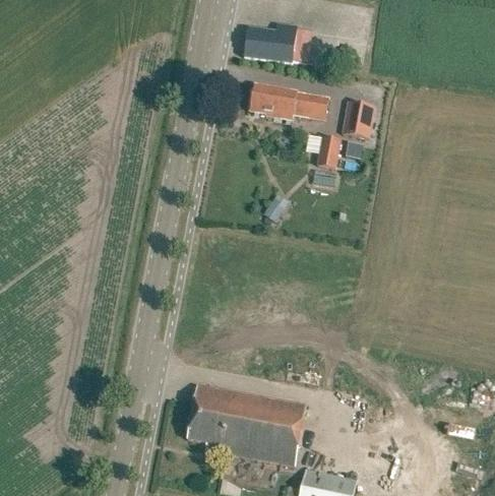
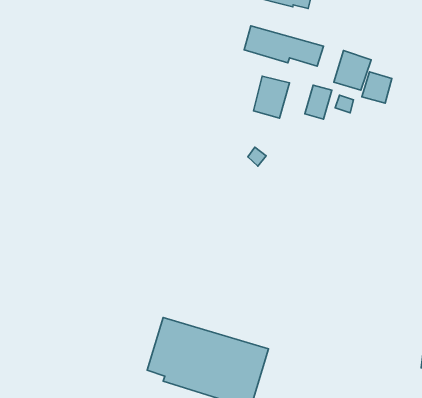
building: none -> [362,72,392,103]
building: none -> [254,76,289,118]

